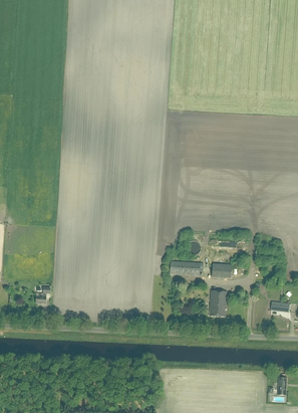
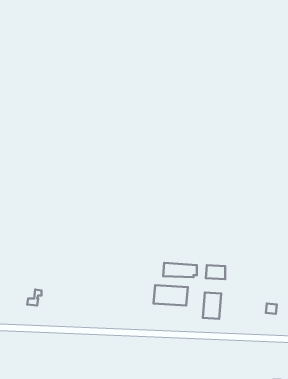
building: none -> [154,285,188,305]

